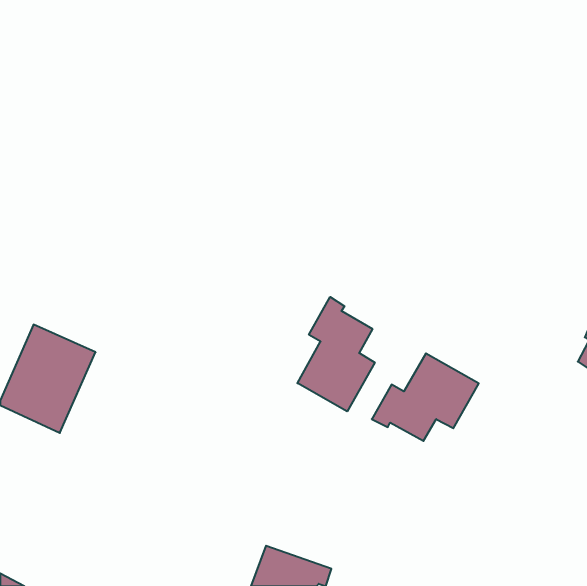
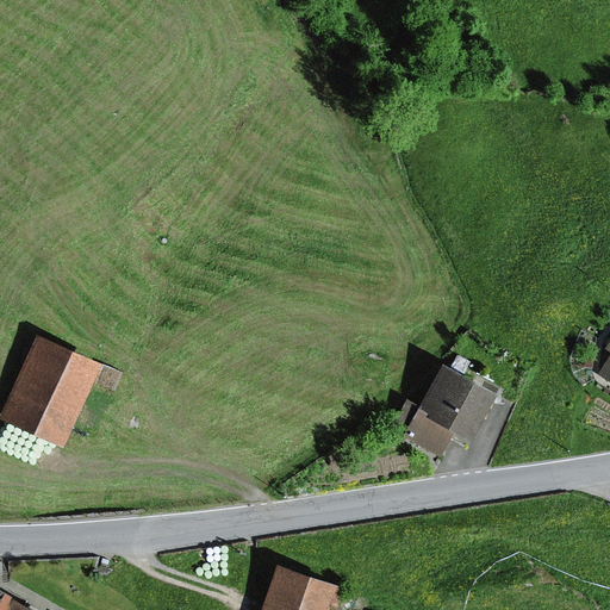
building: [297,297,375,411] -> none

